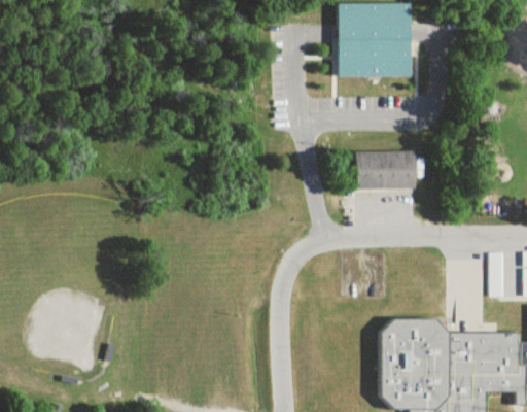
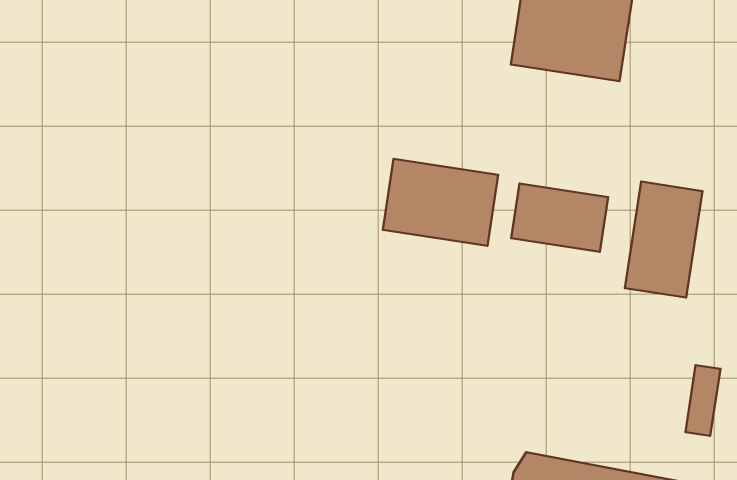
building: none -> [625,182,702,297]
building: none -> [383,159,498,246]

